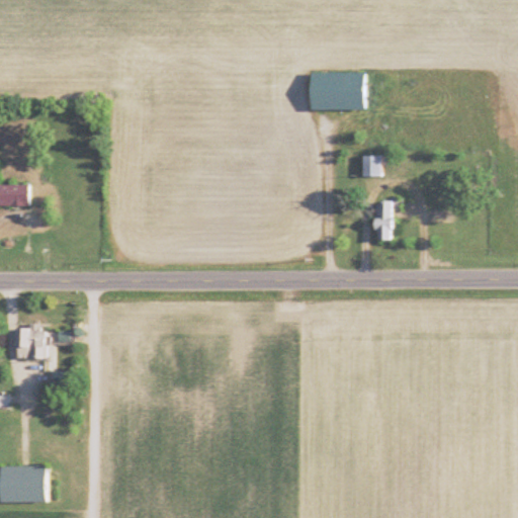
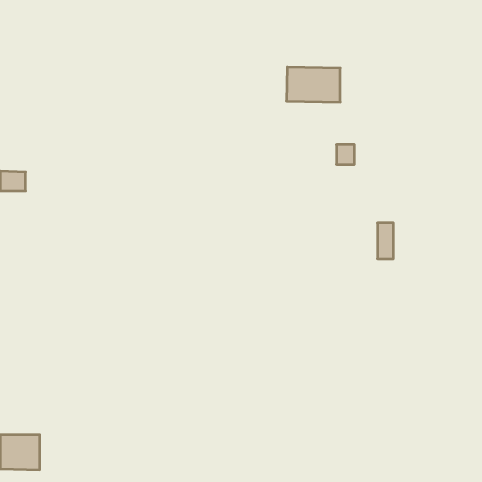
building: [374,201,392,240] -> [377,223,393,259]
building: [14,326,48,357] -> none

